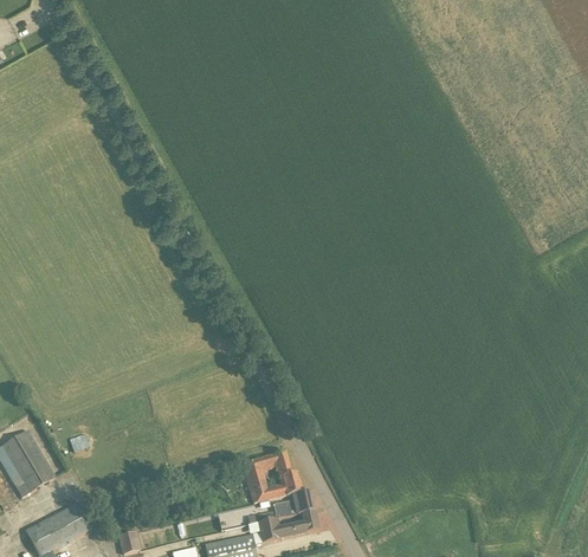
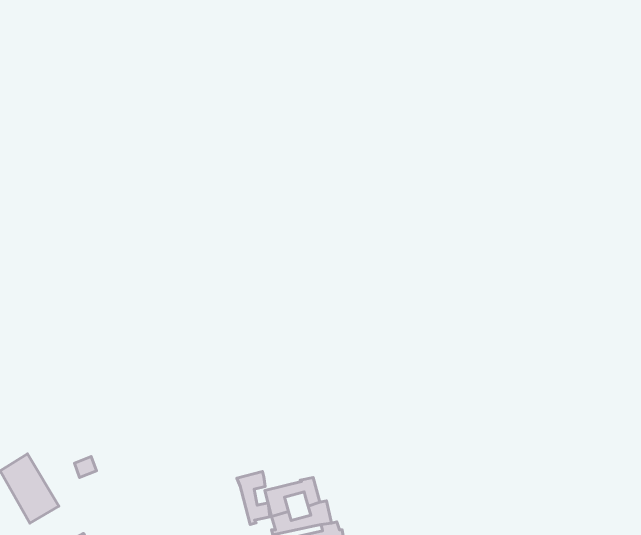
building: none -> [237,472,270,525]

